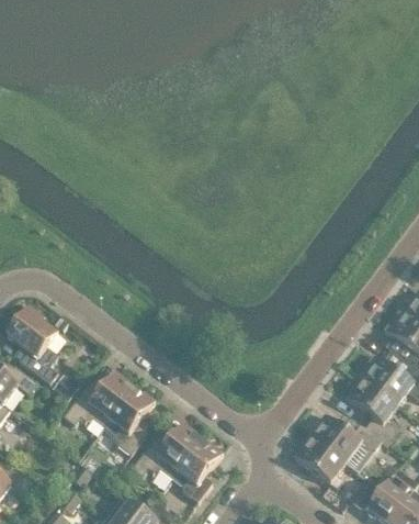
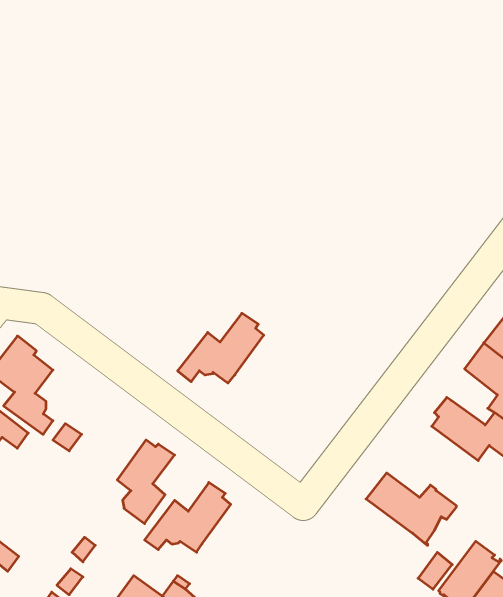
building: [63,371,132,427] -> [178,313,264,383]
building: [346,378,400,446] -> none
building: [293,436,346,489] -> none
building: [177,441,223,503] -> none

